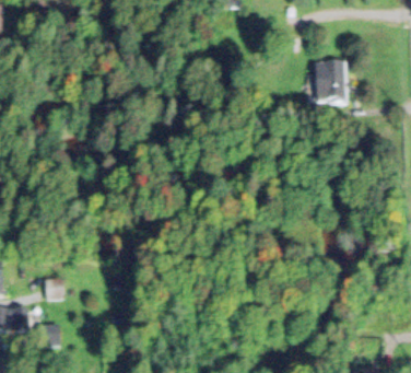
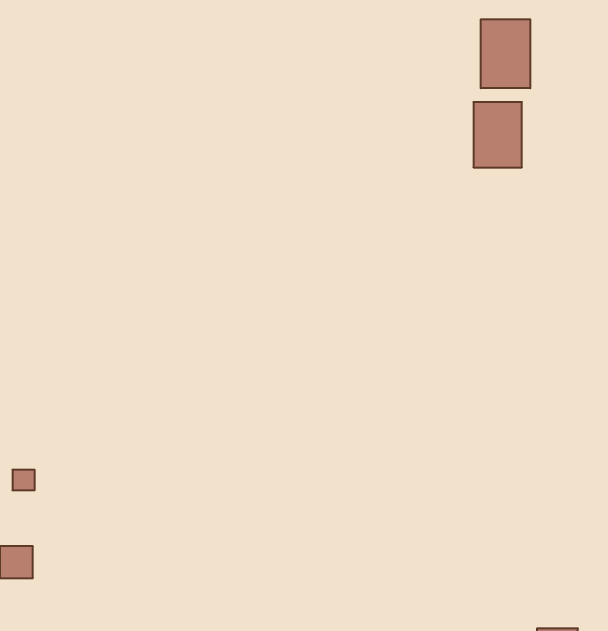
building: none -> [481,19,530,88]

